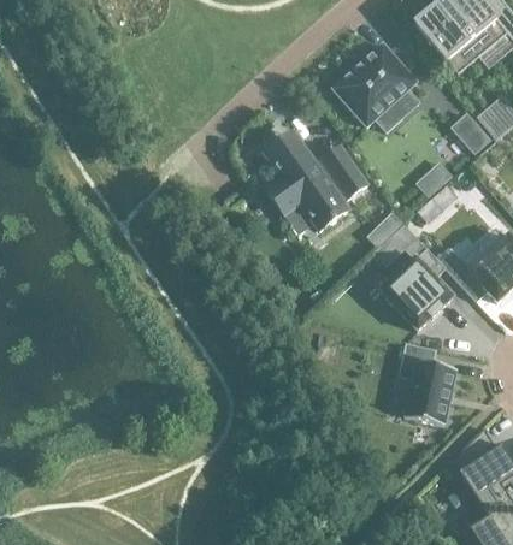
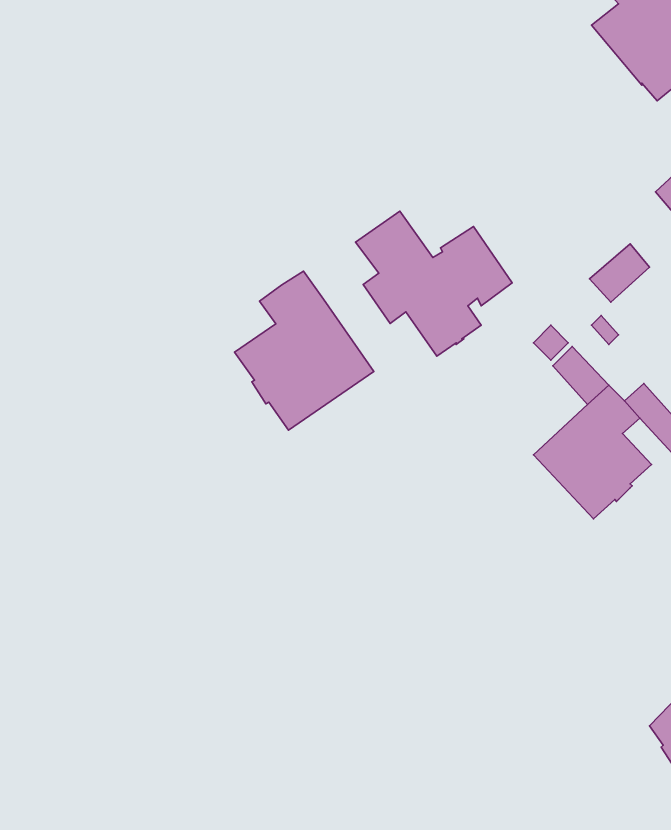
building: [332,42,417,130] -> none
building: none -> [235,271,374,430]
building: [402,342,455,423] -> none

